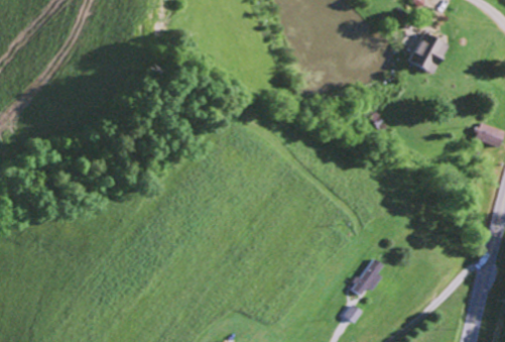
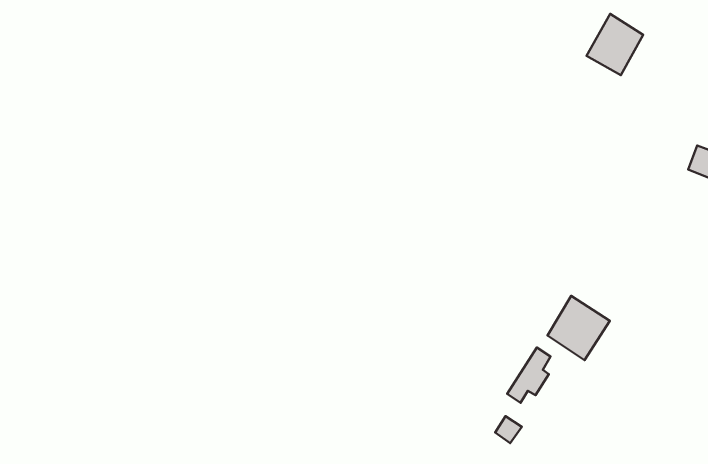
building: none -> [548,296,610,360]

